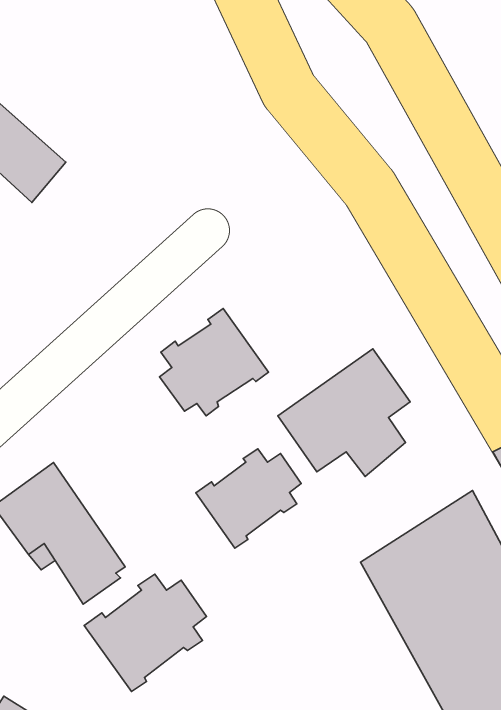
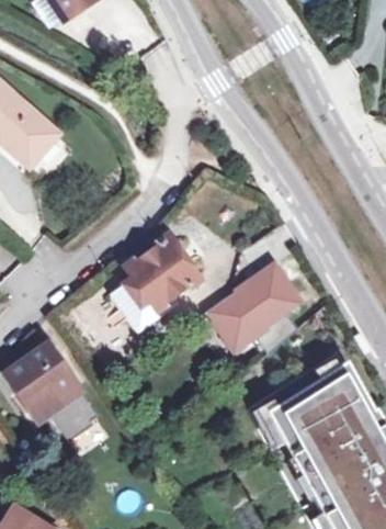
building: [196,449,301,548] -> none
building: [84,574,206,692] -> none

